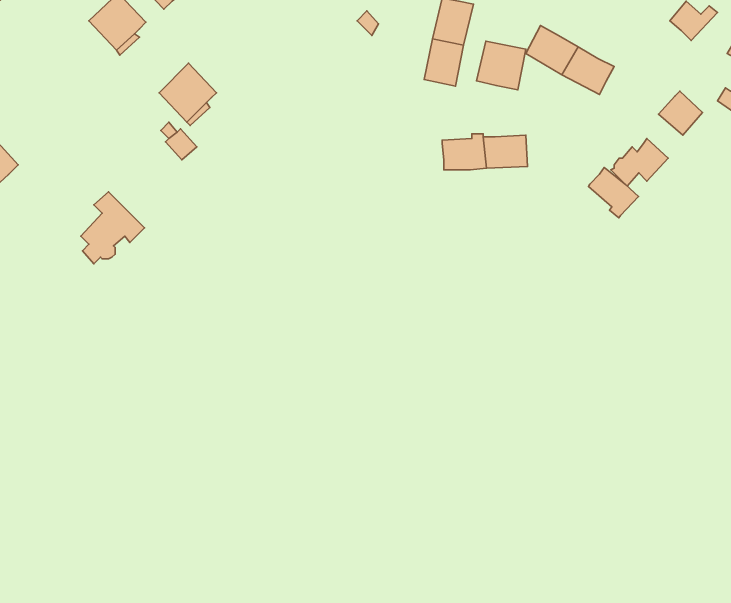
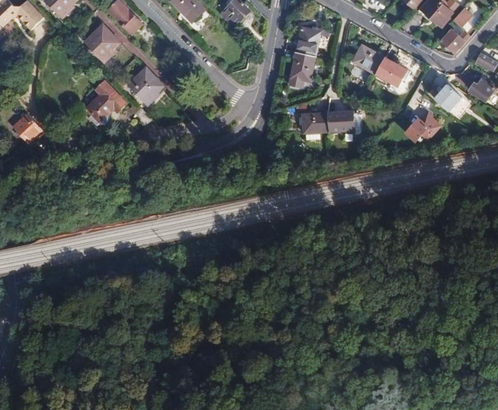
building: [477,41,526,90] -> none
building: [588,167,638,218] -> none
building: [81,192,145,264] -> [87,81,126,125]

